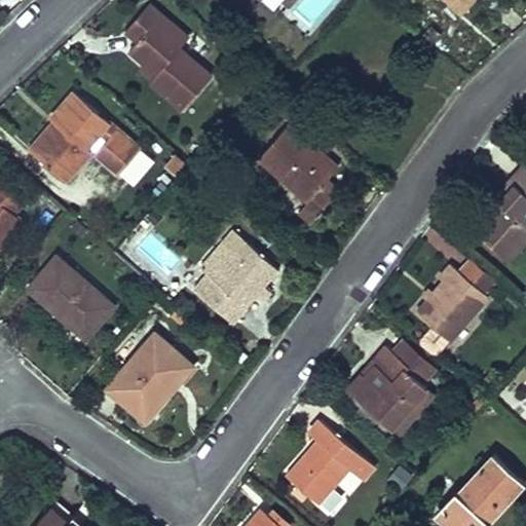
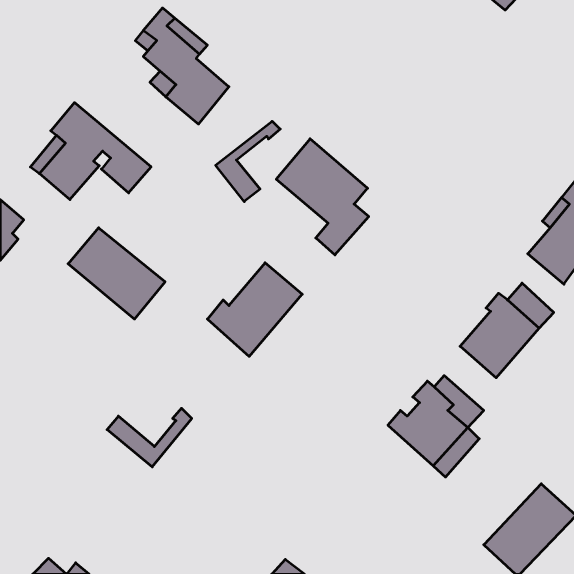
building: none -> [216,121,280,202]
building: [25,255,113,338] -> [68,228,165,319]
building: [110,334,189,407] -> none
building: [287,421,372,505] -> none

